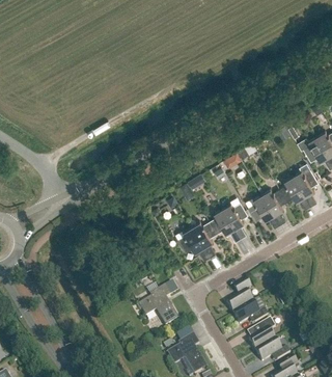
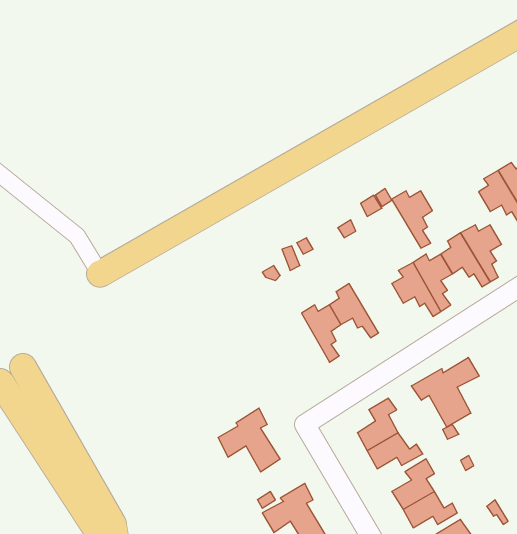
building: [222,200,248,237] -> [391,191,432,248]
building: [178,224,210,259] -> none
building: none -> [411,357,479,427]

